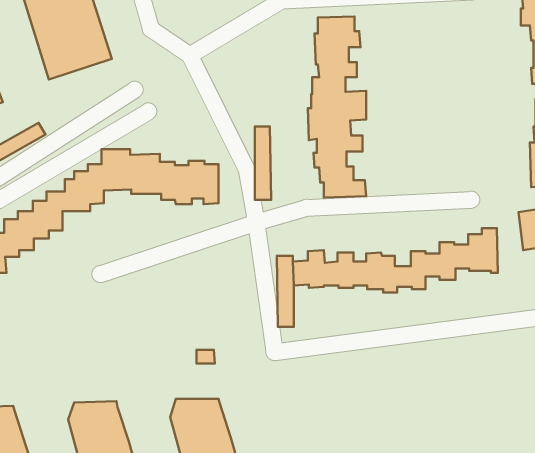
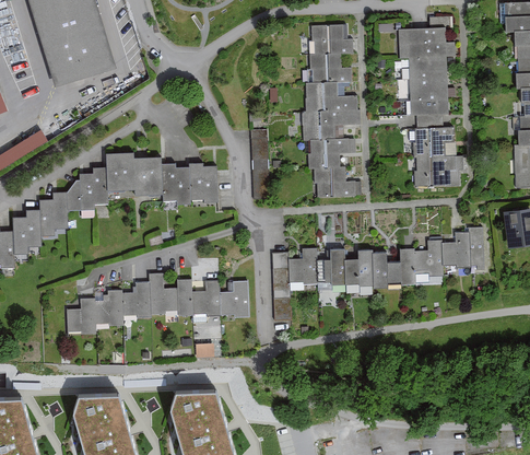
building: none -> [398,18,455,187]
building: none -> [67,275,249,336]

